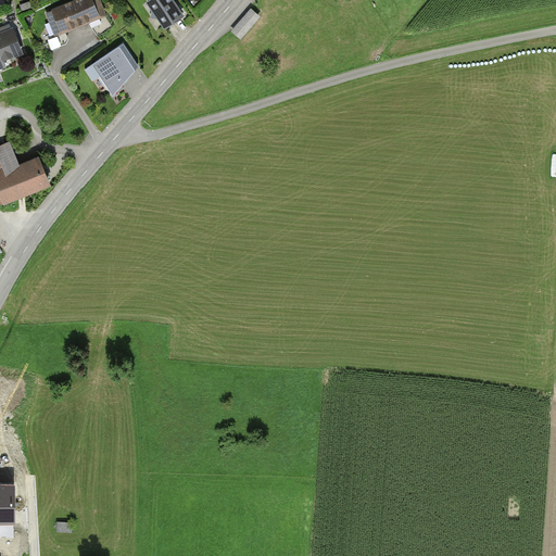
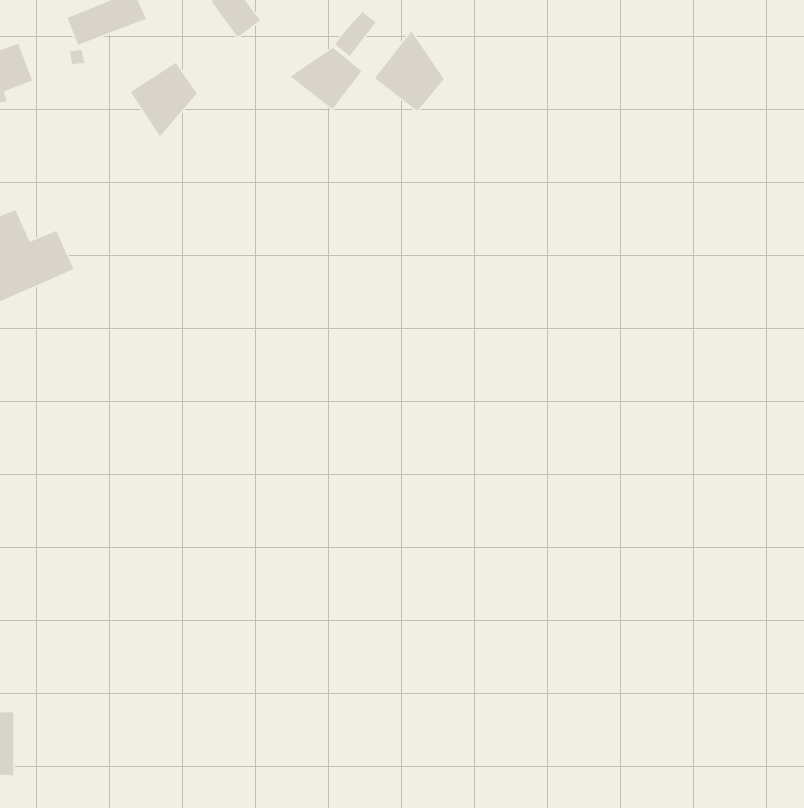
building: none -> [374,30,445,112]
building: none -> [289,47,363,110]

